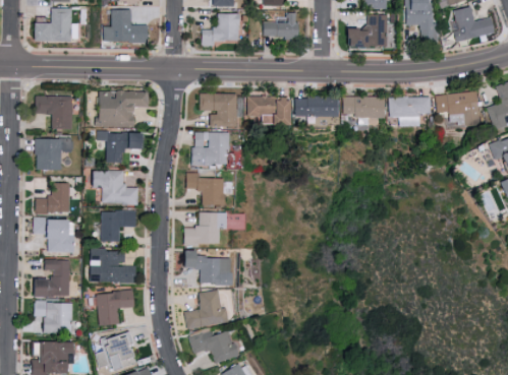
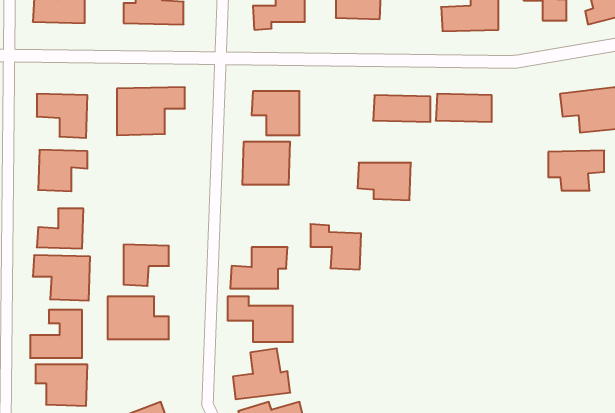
building: [246,97,287,125] -> [357,163,411,200]
building: [388,97,431,127] -> [548,151,604,191]
building: [97,132,140,163] -> none
building: [89,171,138,204] -> none
building: [186,172,225,206] -> [310,224,361,269]
building: [98,291,135,325] -> none

